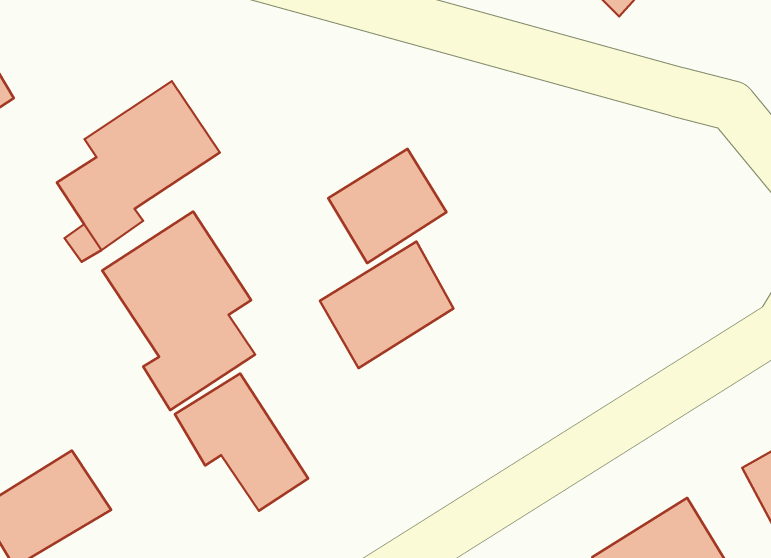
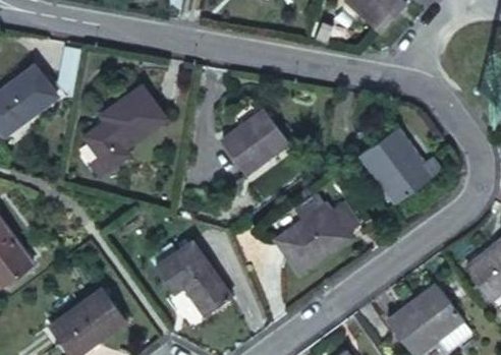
building: none -> [360,124,443,200]
building: [102,211,255,410] -> none
building: [320,242,454,368] -> [279,198,351,269]

